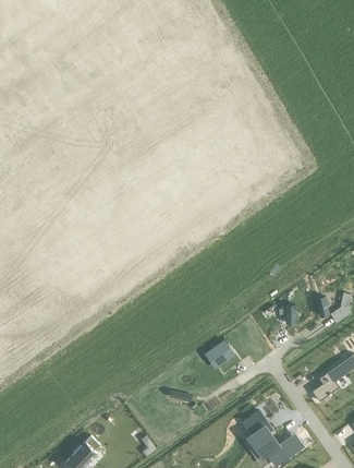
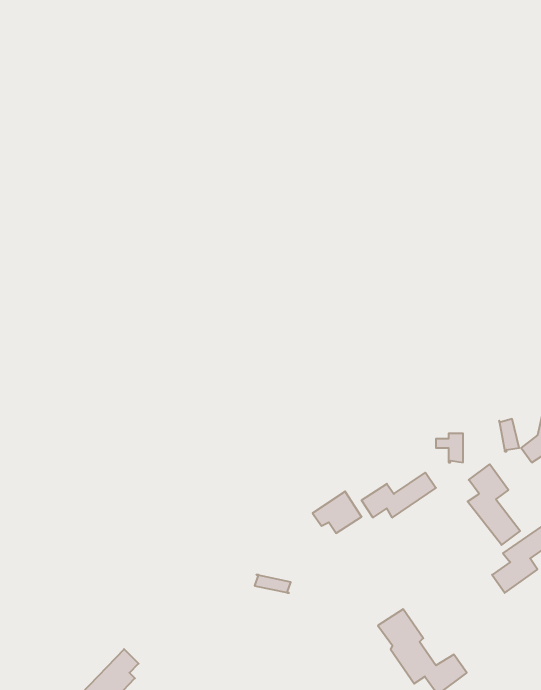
building: none -> [468,464,520,545]
building: none -> [362,473,436,518]

